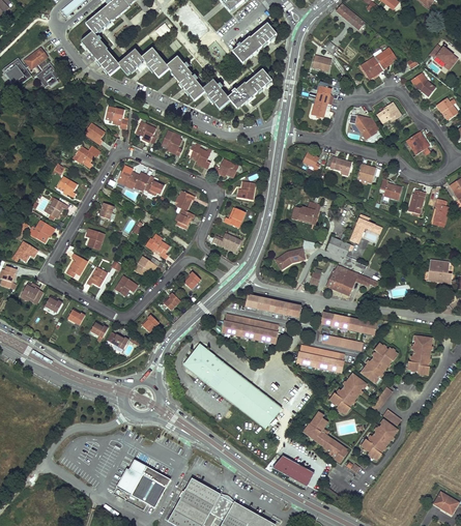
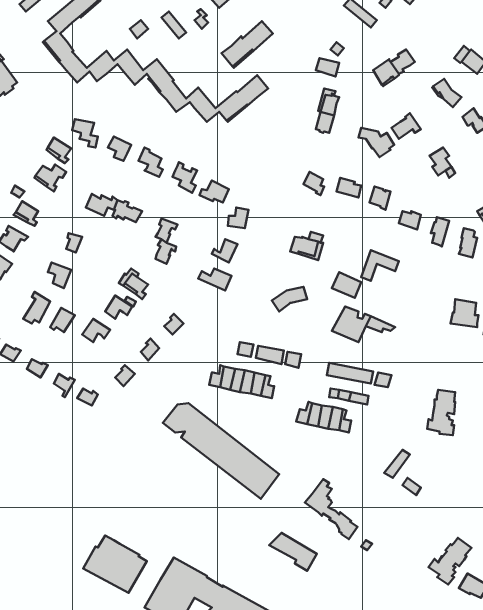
building: [361,343,397,381] -> none
building: [328,374,364,413] -> none
building: [359,419,396,459] -> [429,538,471,584]

